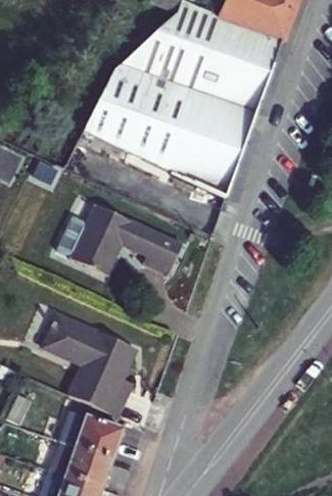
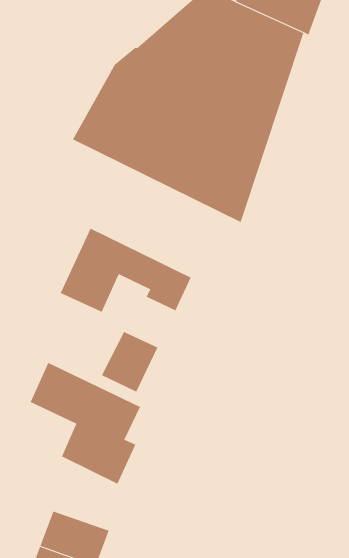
building: none -> [101,331,158,392]
building: [62,412,120,458] -> none

